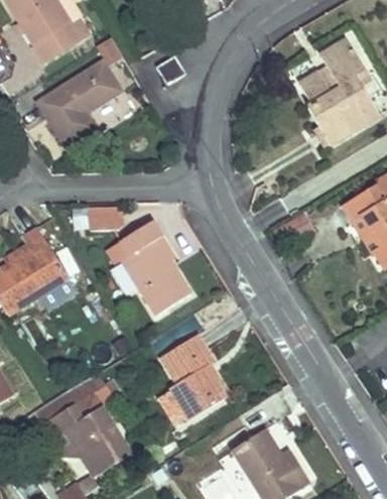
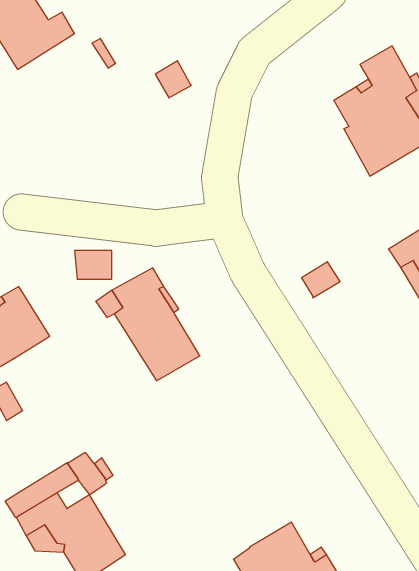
building: [36,59,120,143] -> none
building: [160,335,226,423] -> none

